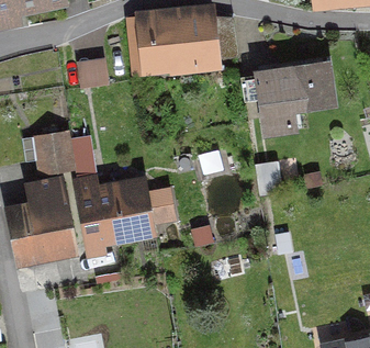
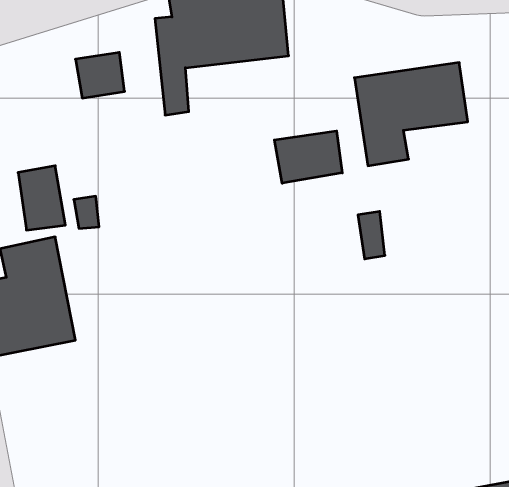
building: none -> [274,131,342,183]
building: [75,186,171,244] -> none

